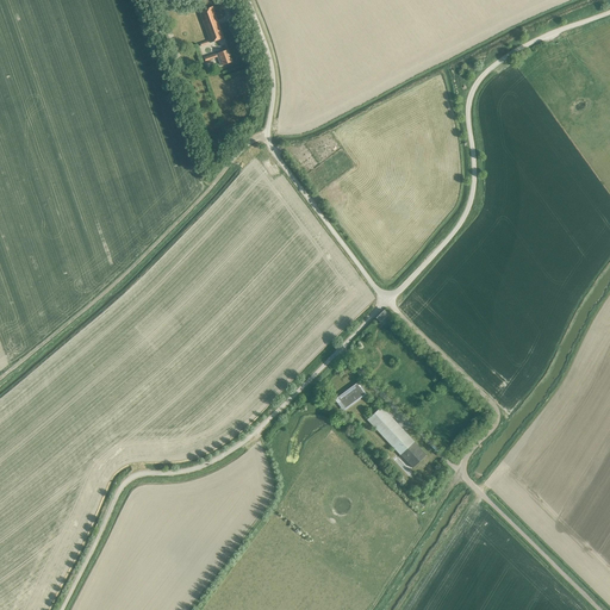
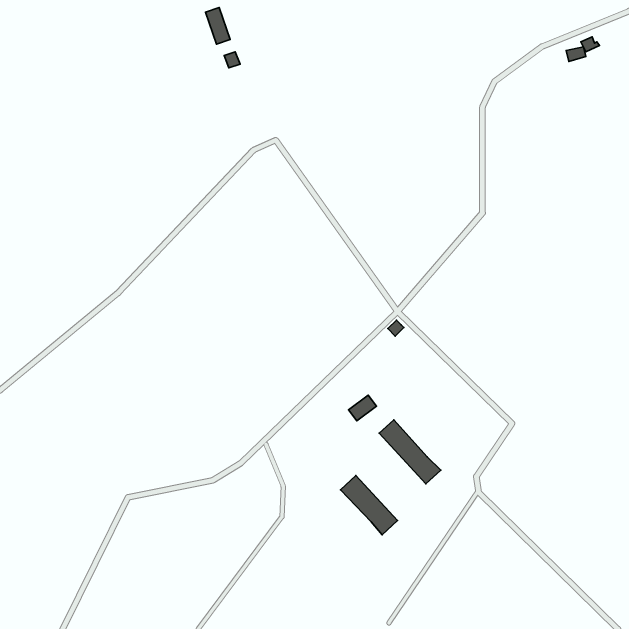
building: none -> [341,476,398,535]

